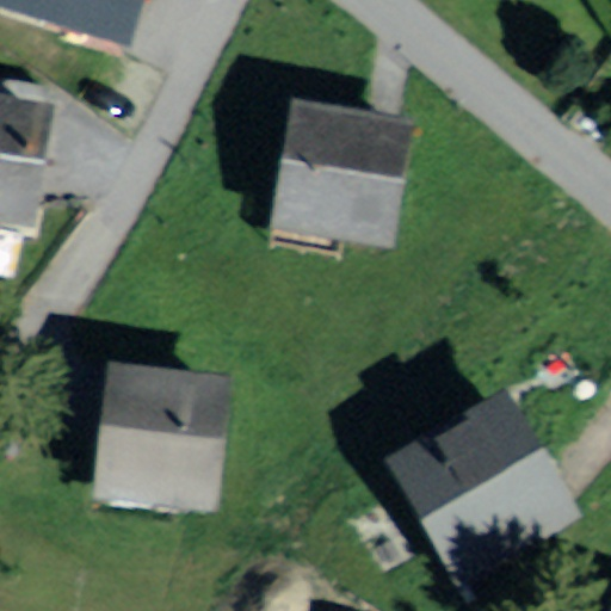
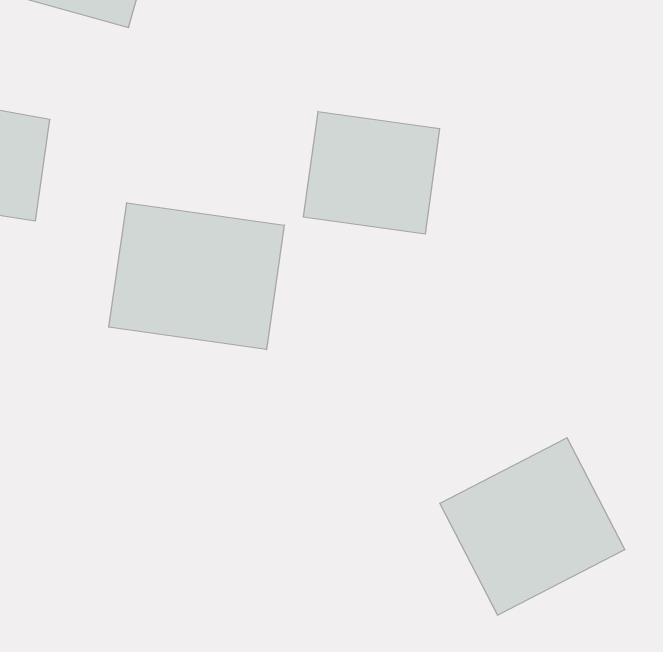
building: none -> [109,203,284,350]
building: [104,369,210,475] -> none

